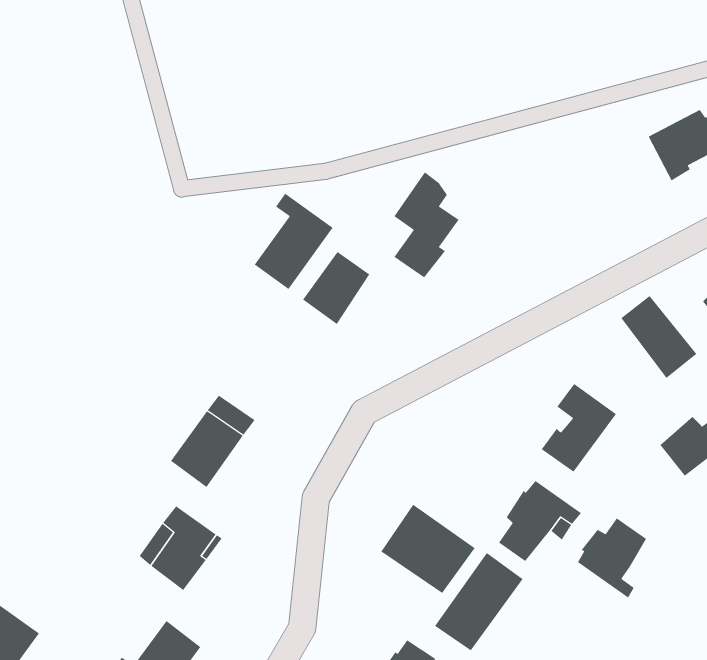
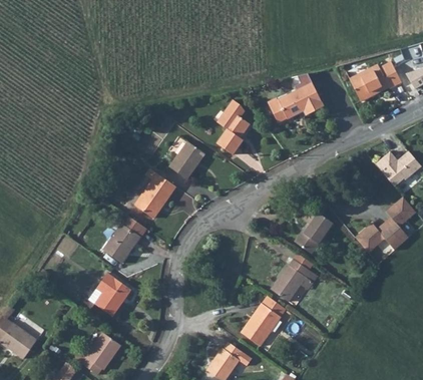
building: none -> [269,75,324,125]
building: [254,193,333,290] -> [136,166,177,217]
building: [620,295,697,379] -> none
building: [380,504,476,594] -> none
building: [577,517,647,599] -> none

